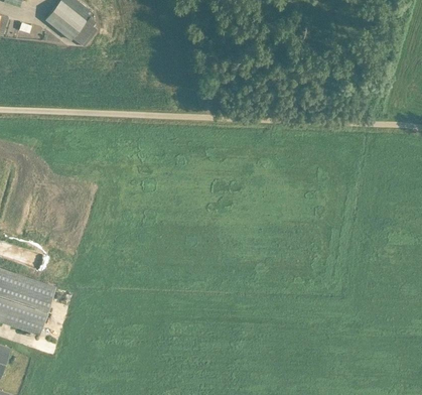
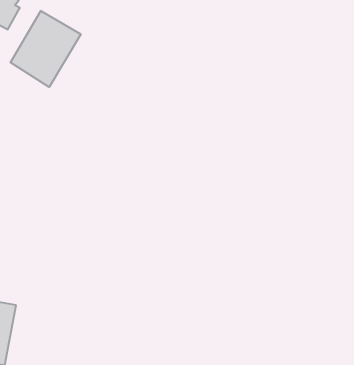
building: none -> [11,11,81,87]

